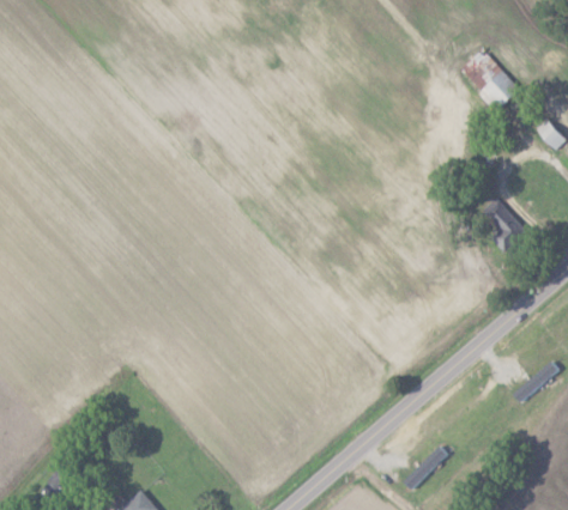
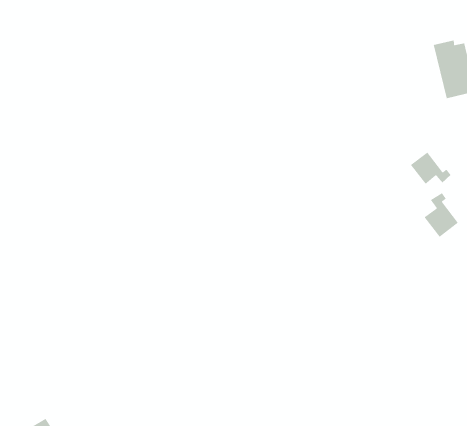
building: none -> [410,151,452,185]

